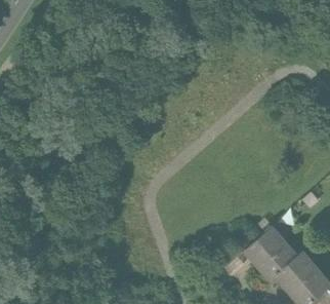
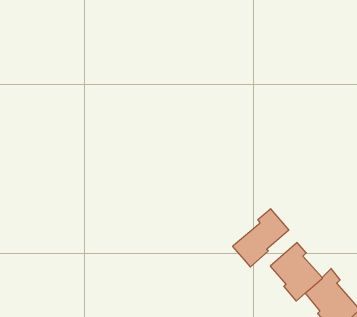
building: none -> [233,209,289,267]

